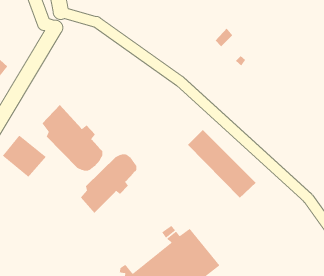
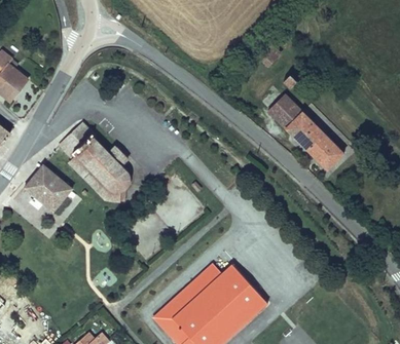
building: [187,129,256,198] -> [264,89,341,166]
building: [80,153,137,214] -> none

